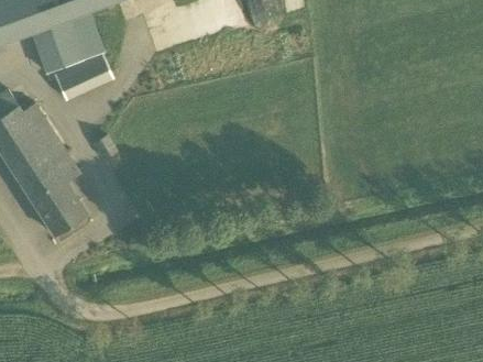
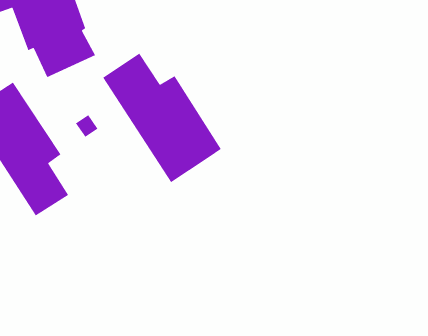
building: none -> [102,53,222,183]

